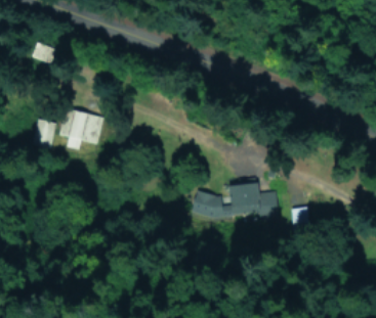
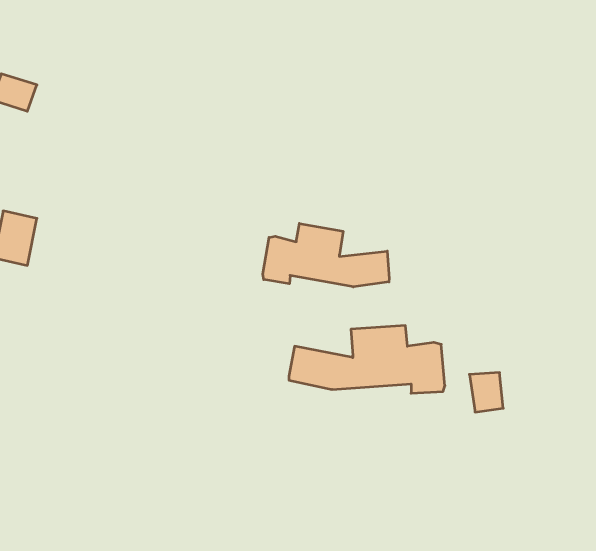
building: [58,109,103,149] -> none
building: none -> [263,223,389,287]

